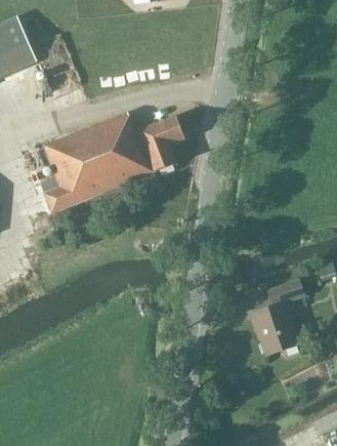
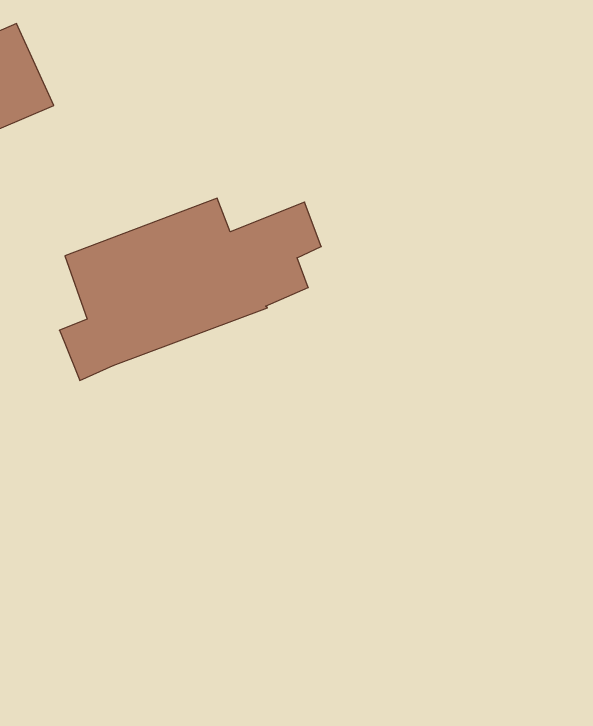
building: [252,280,304,356] -> none

